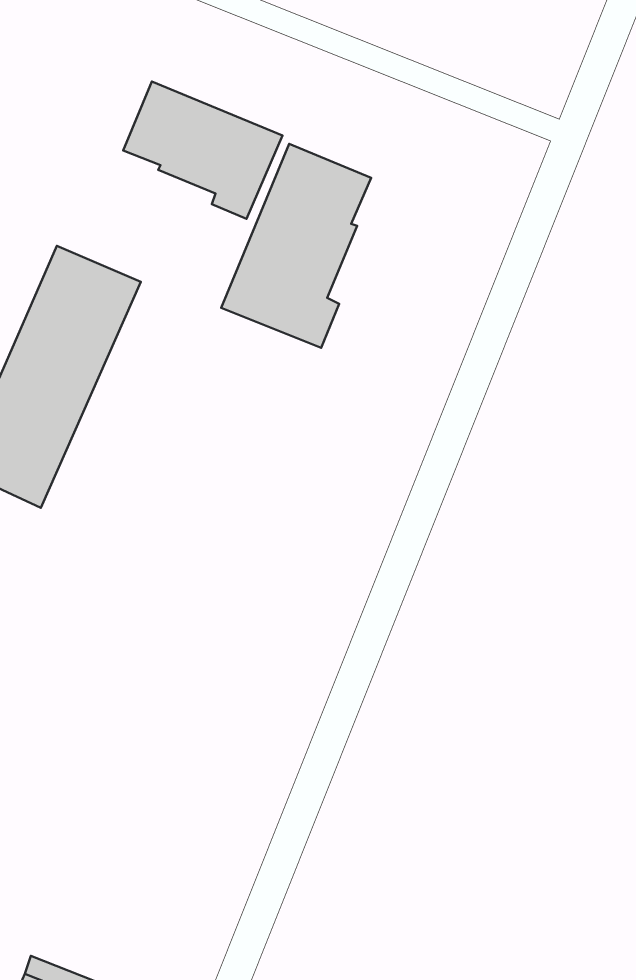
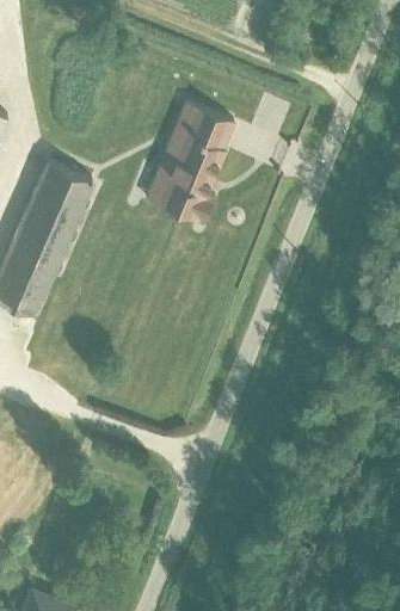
building: [123,81,282,219] -> none

